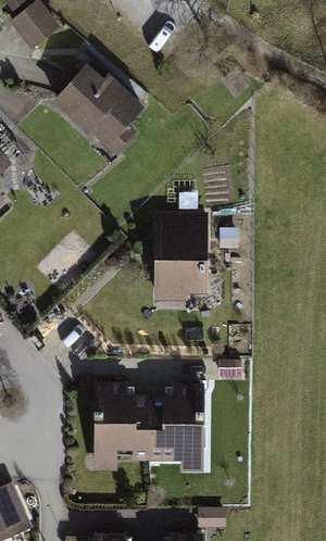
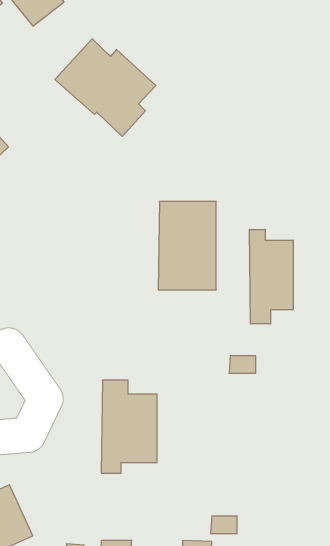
building: none -> [250,229,293,324]
building: [149,385,201,470] -> none

